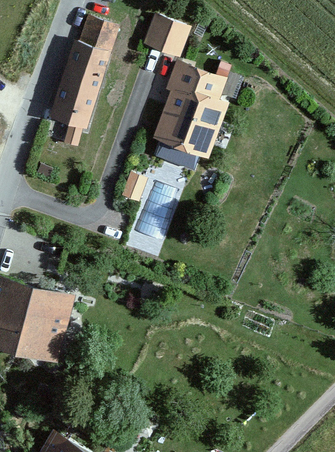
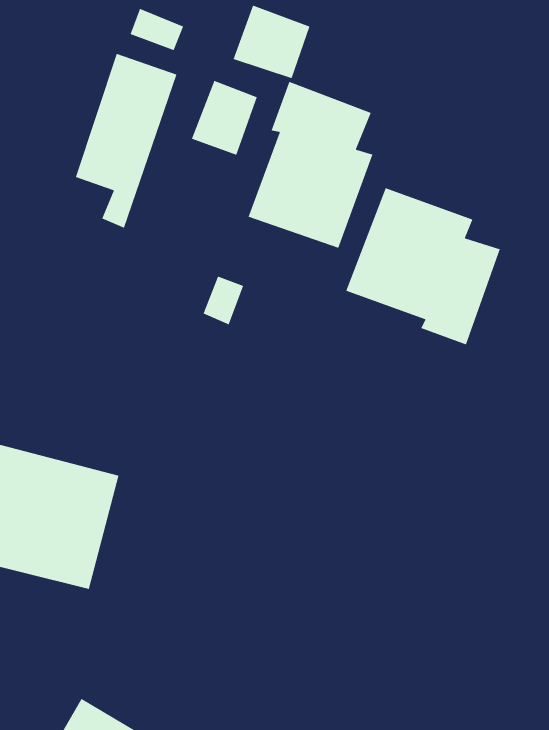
building: none -> [191,80,258,156]
building: none -> [345,187,501,346]

